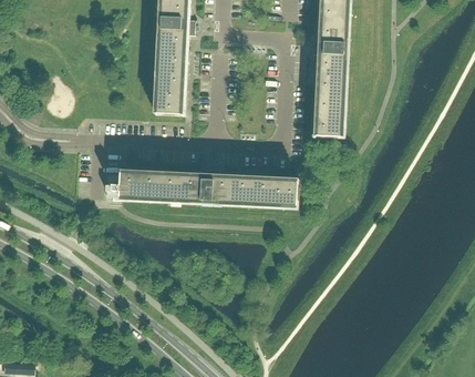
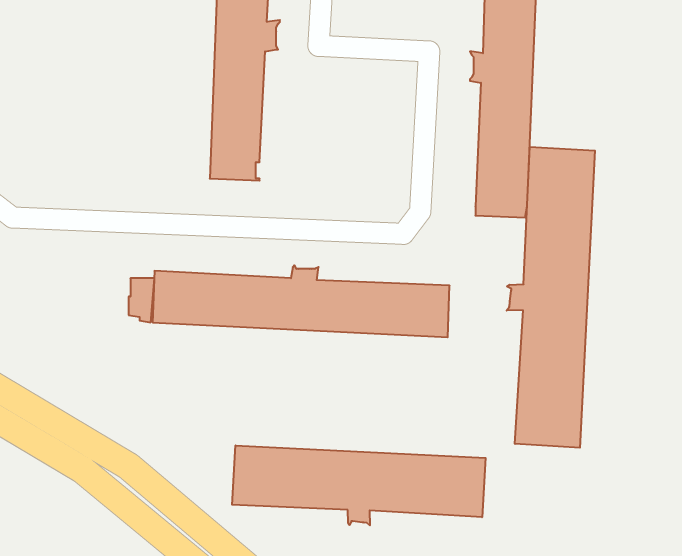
building: none -> [507,147,595,448]
building: none -> [232,445,486,525]

